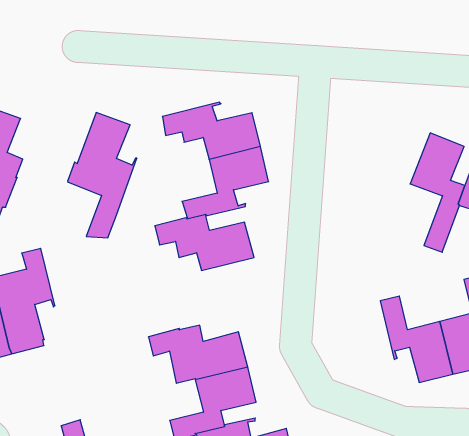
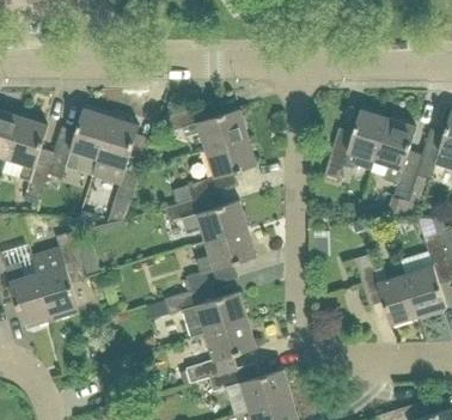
building: none -> [47,108,110,178]
building: none -> [323,109,387,179]
building: none -> [185,229,256,292]

